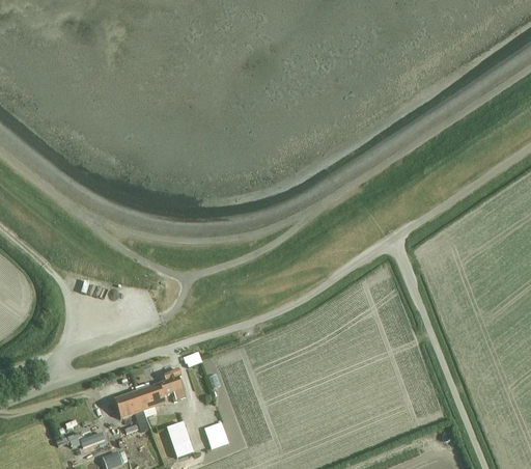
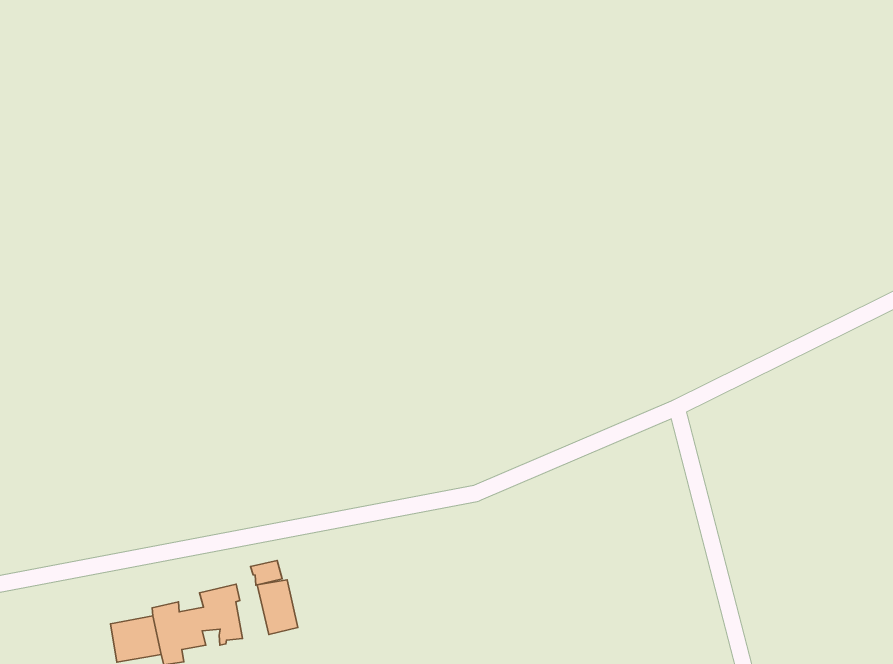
building: none -> [257,580,298,634]

